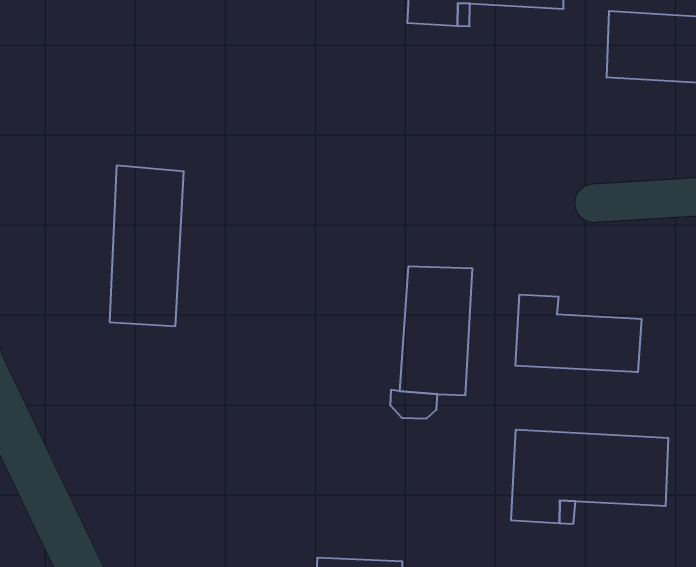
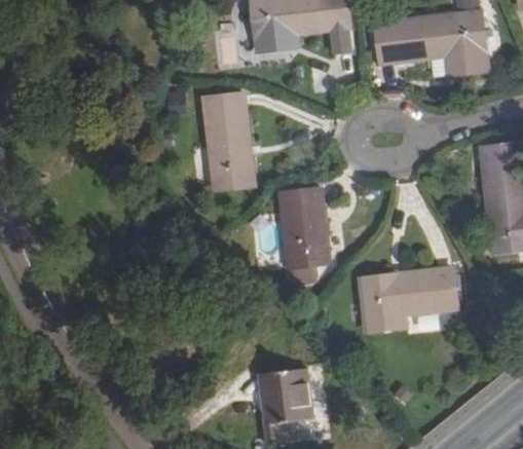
building: [110,166,184,326] -> [203,95,254,190]
building: [516,295,641,372] -> none

